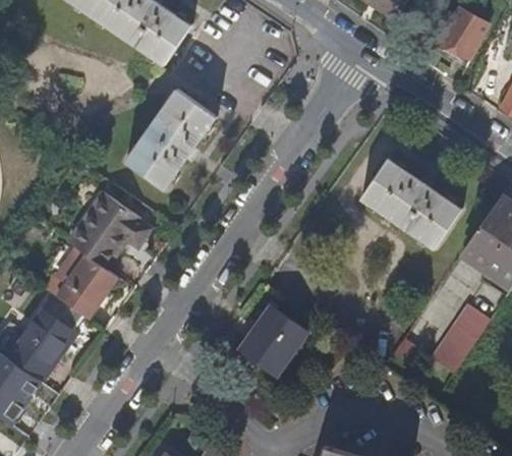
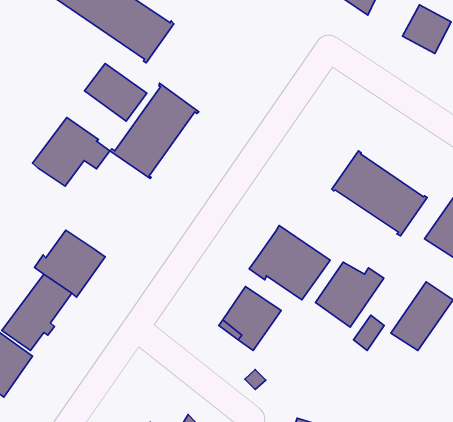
building: none -> [84,64,147,121]
building: [71,192,154,266] -> [33,117,110,186]
building: none -> [249,226,330,300]
building: none -> [315,262,384,327]

